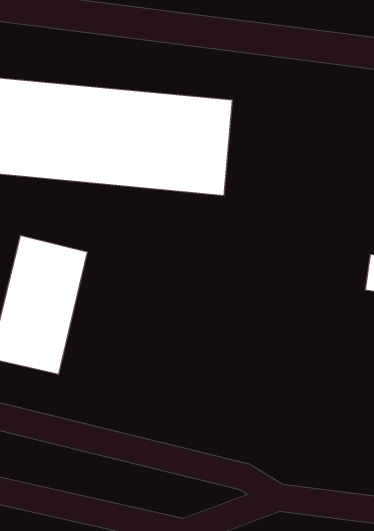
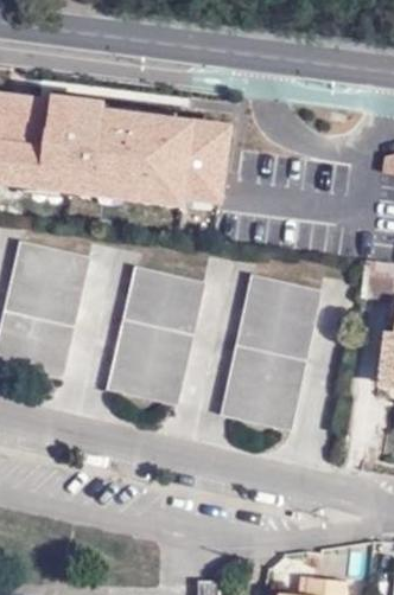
building: none -> [107,268,202,405]
building: none -> [221,276,320,431]

